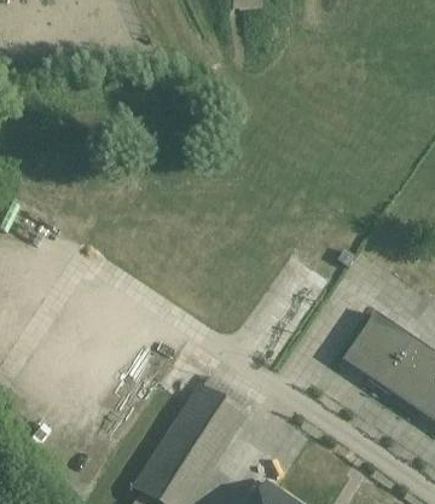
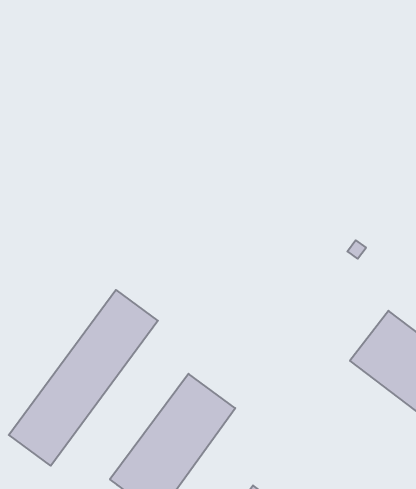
building: none -> [9,290,158,466]

